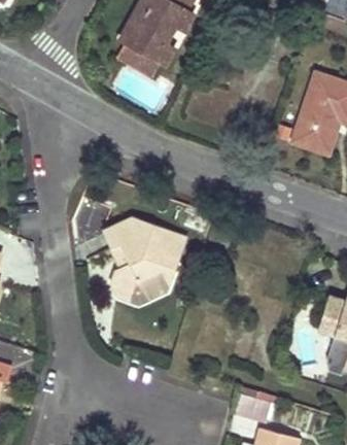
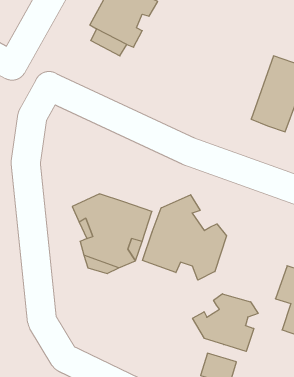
building: none -> [142,195,227,280]
building: none -> [193,294,258,351]

